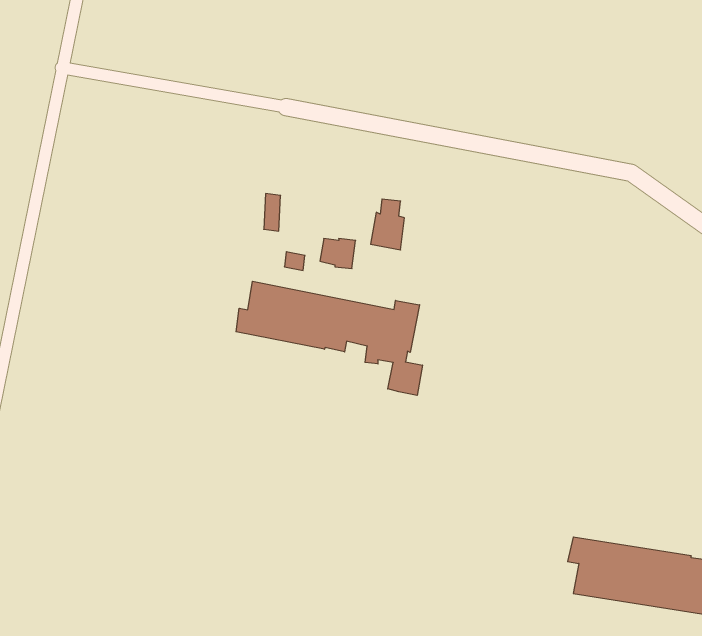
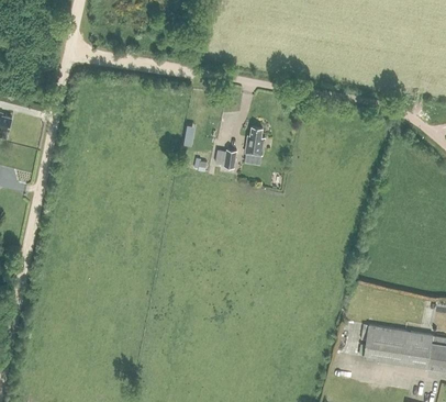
building: [236,281,422,395] -> none

